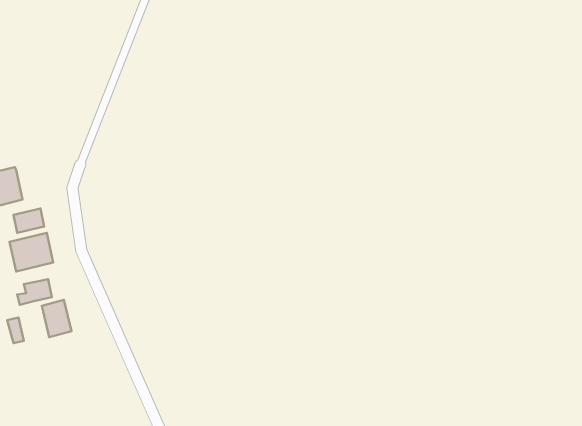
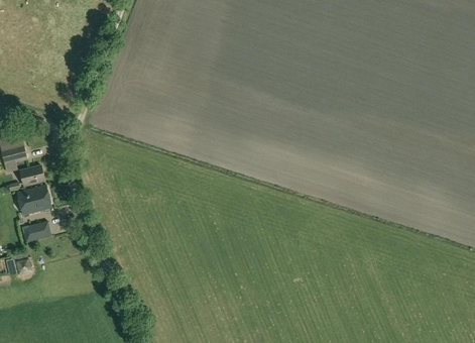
building: [42,300,71,337] -> none

